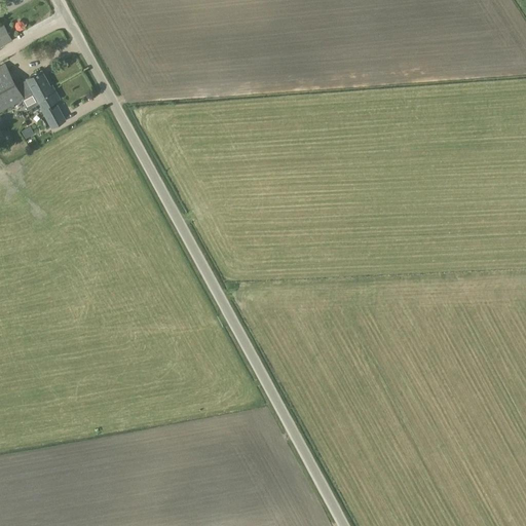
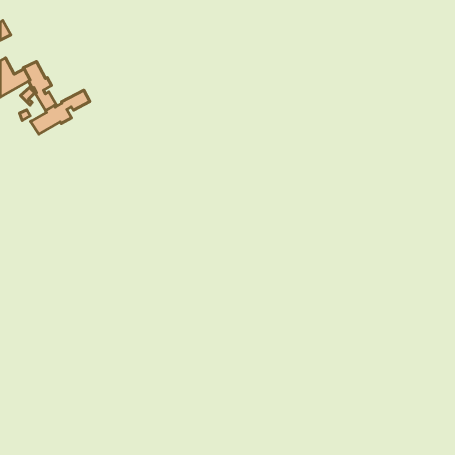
building: none -> [30,90,90,134]

